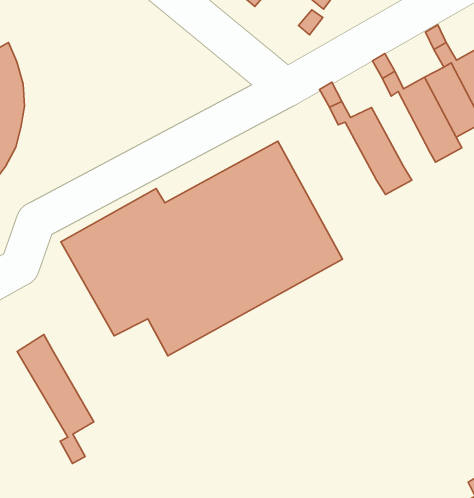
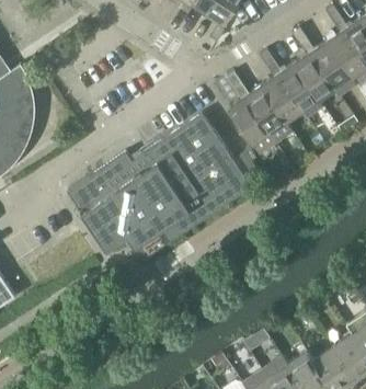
building: none -> [262,75,302,123]
building: none -> [228,98,276,153]
building: [17,334,94,463] -> none

